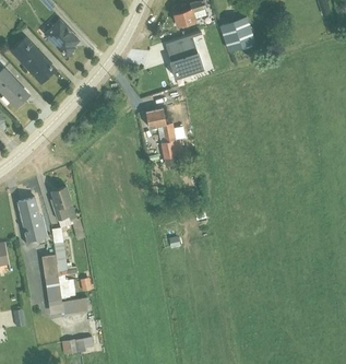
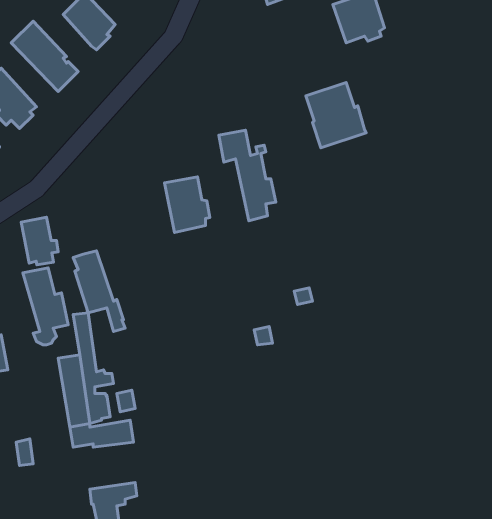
building: [165,35,204,78] -> [306,82,366,148]
building: none -> [165,177,210,232]
building: none -> [21,217,58,265]

